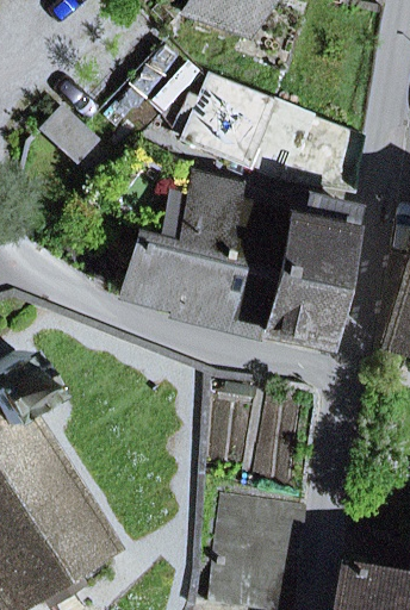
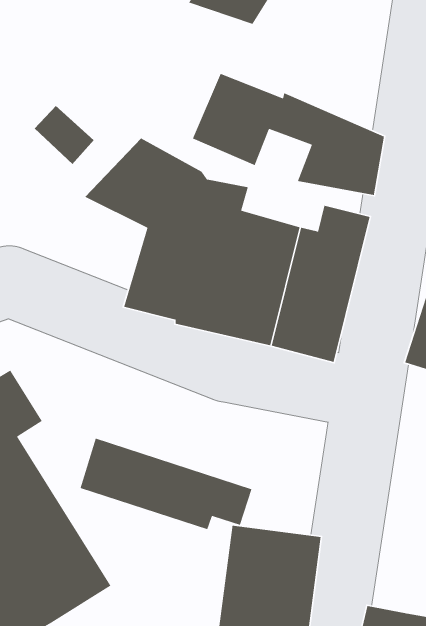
building: none -> [80,438,252,530]

